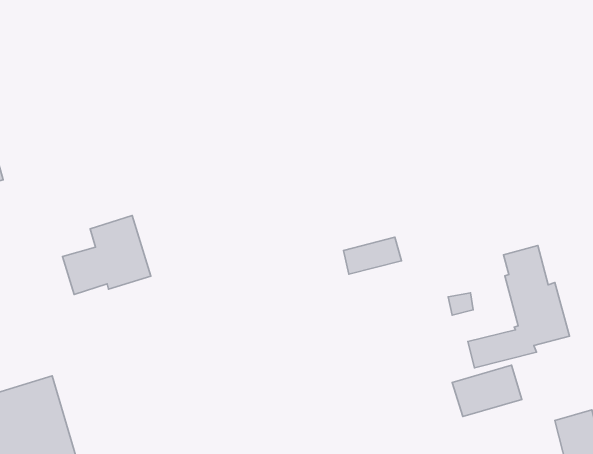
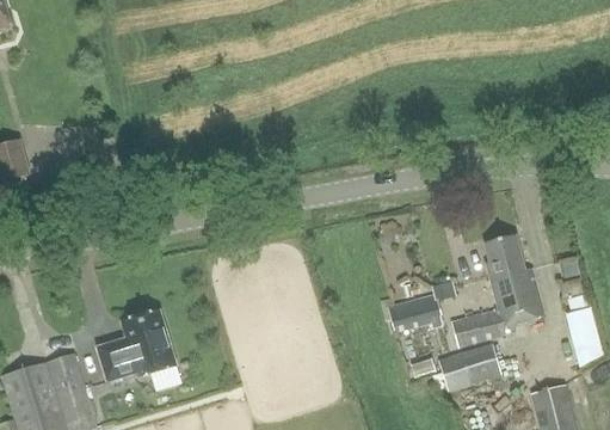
building: [62,216,151,295] -> [97,309,177,381]
building: [343,237,401,274] -> [388,293,440,326]

